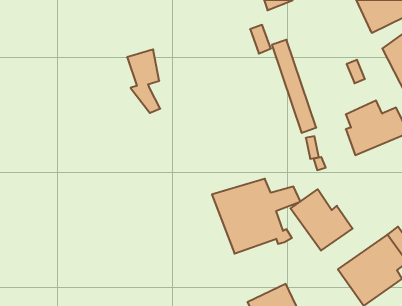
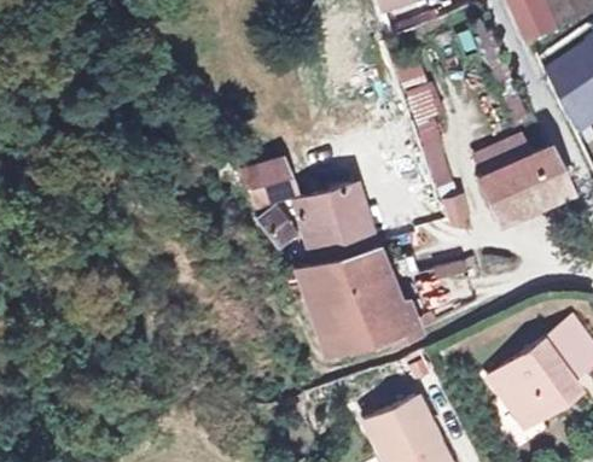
building: [127,49,160,113] -> [258,154,304,242]
building: none -> [309,188,384,265]
building: [290,189,353,251] -> none

